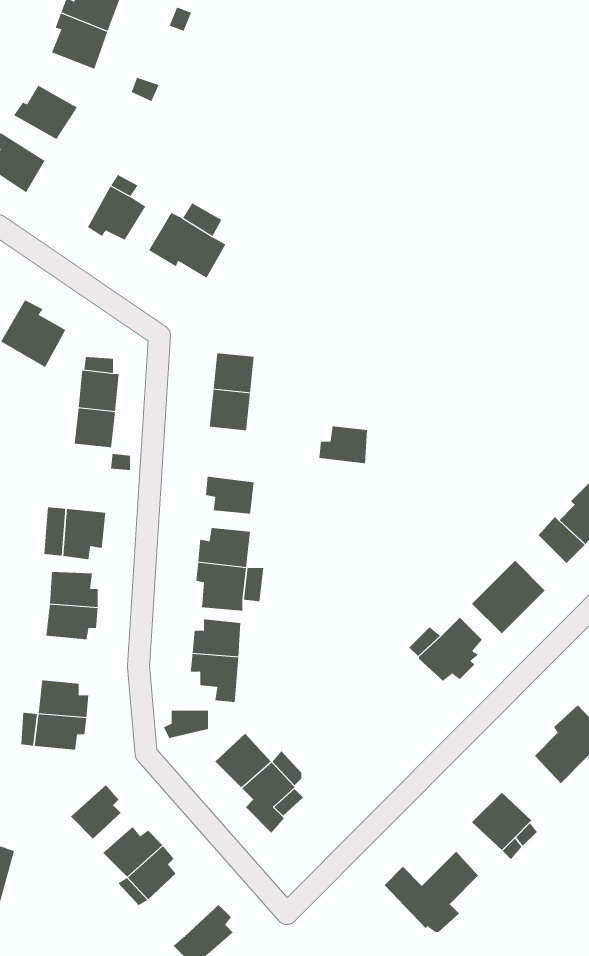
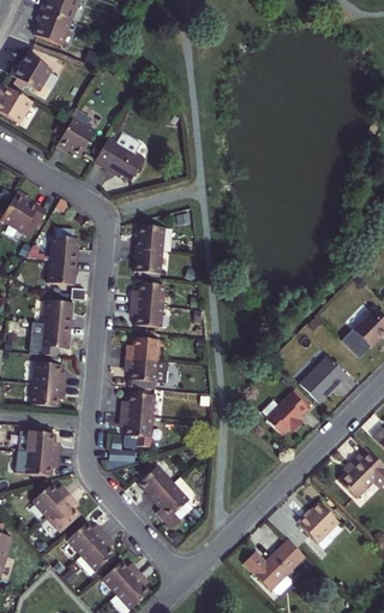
building: [318,426,368,464] -> [132,282,163,306]
building: none -> [43,300,71,326]
building: none -> [31,486,68,518]
building: none -> [103,561,139,594]

